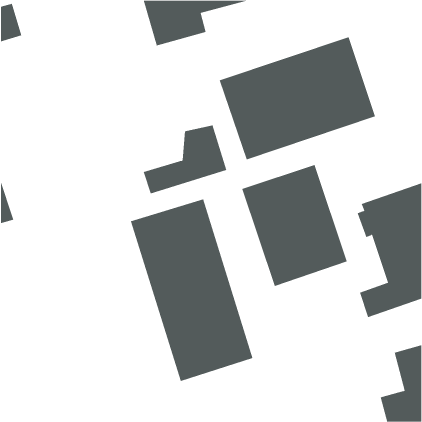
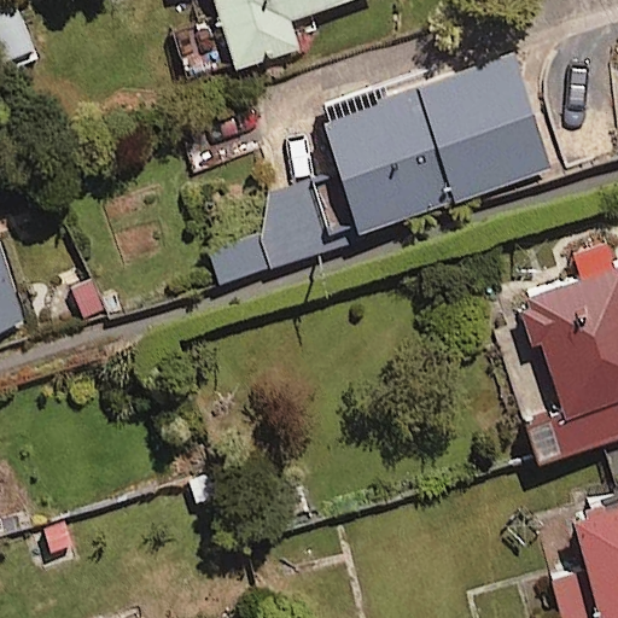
building: [241,164,348,287] -> none
building: [130,198,253,382] -> none

